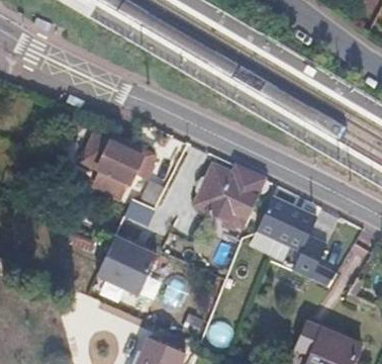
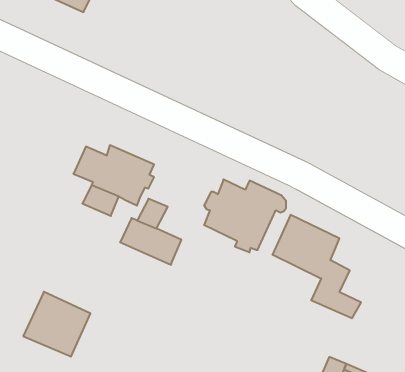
building: [96,237,156,294] -> [23,292,90,357]

